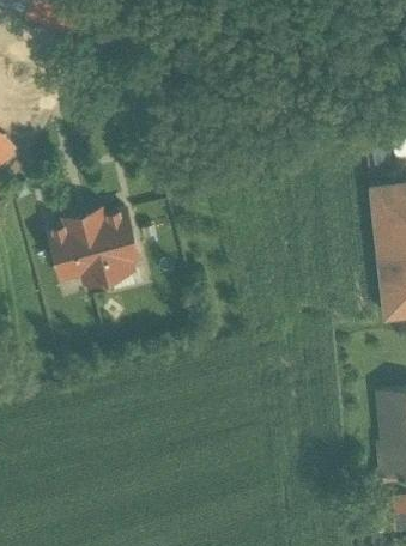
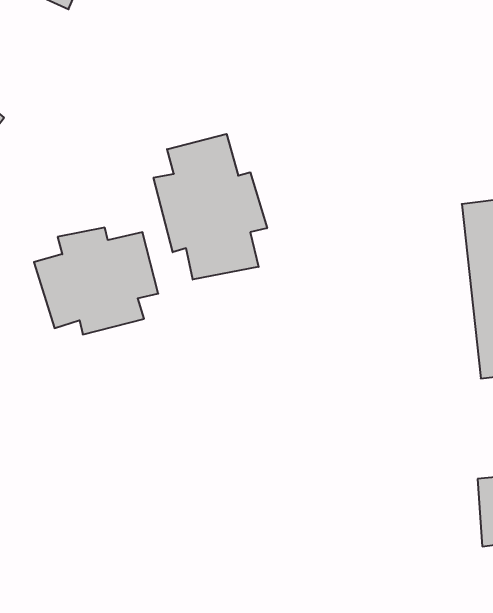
building: none -> [154,134,267,280]

